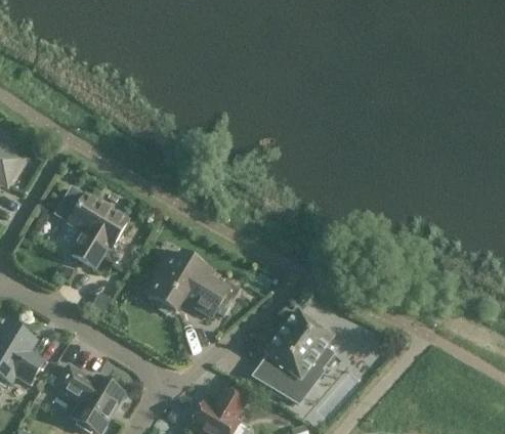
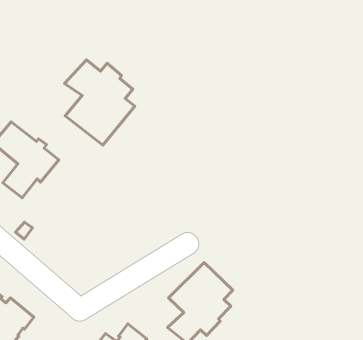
building: none -> [65,60,135,145]
building: [145,249,229,315] -> none

